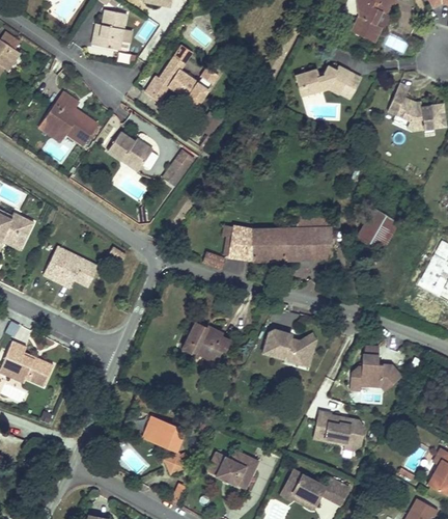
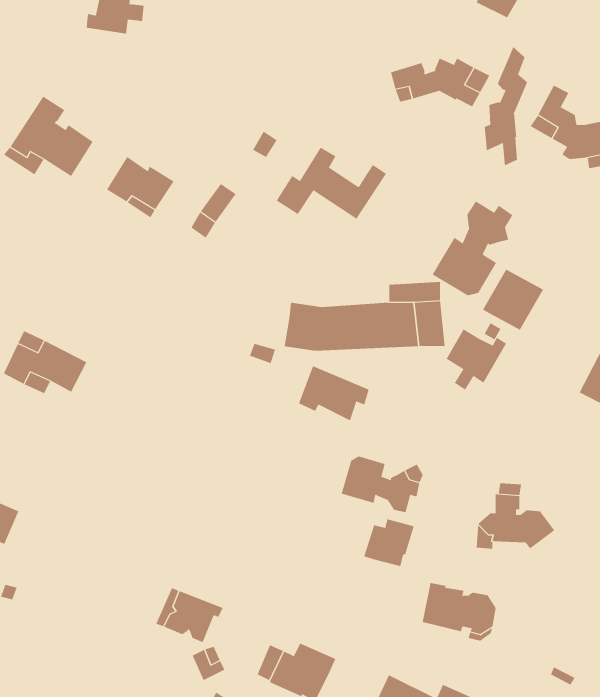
building: [148,56,221,104] -> [276,147,387,220]
building: none -> [484,46,528,166]
building: none -> [432,200,513,296]
building: none -> [446,328,507,391]
building: [175,319,222,355] -> [298,366,370,421]
building: none -> [364,518,414,567]

